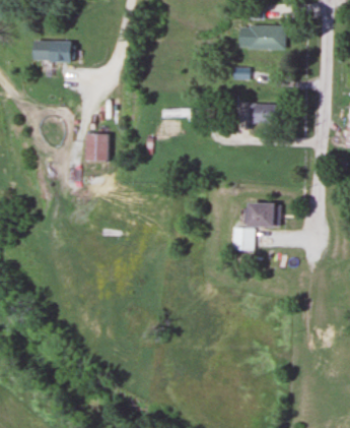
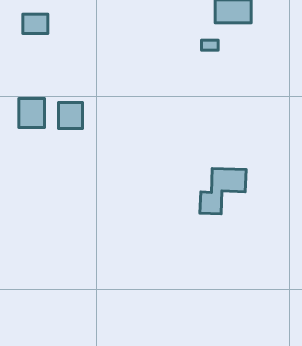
building: [247,103,273,124] -> none
building: none -> [19,98,45,127]

